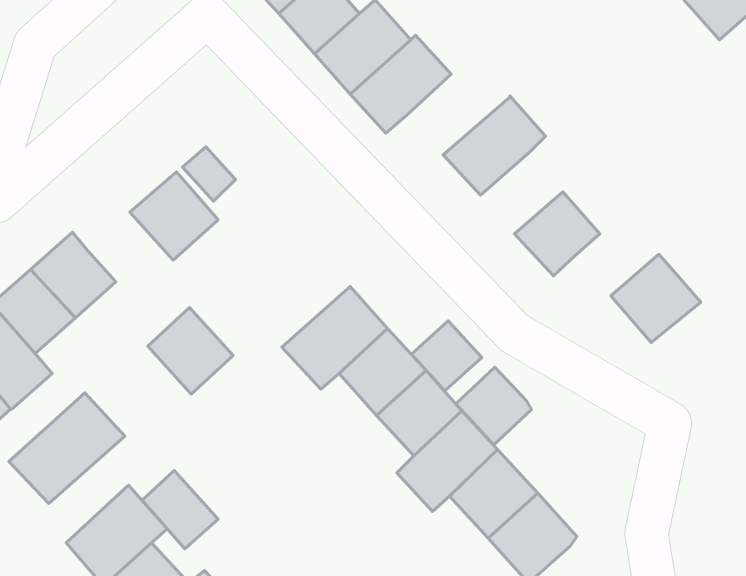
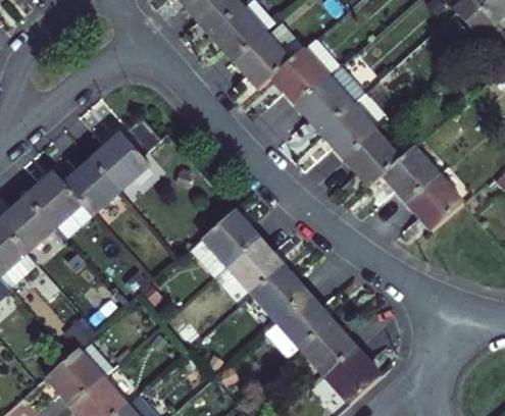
building: none -> [271,55,339,120]
building: none -> [319,119,373,172]
building: none -> [382,159,437,213]
building: [148,307,233,394] -> [61,158,117,215]
building: [411,321,482,391] -> none
building: [456,367,531,445] -> none
building: [9,393,125,503] -> none
building: [142,470,218,549] -> none

